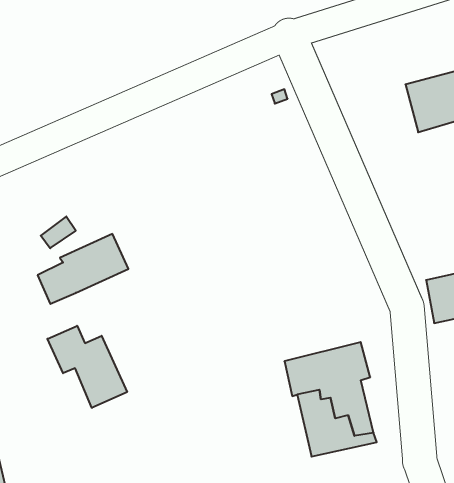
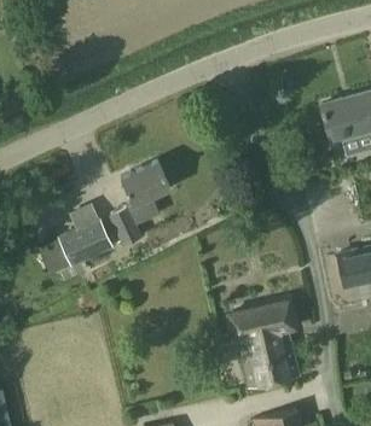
building: none -> [110,161,170,244]
building: [47,326,127,408] -> none

